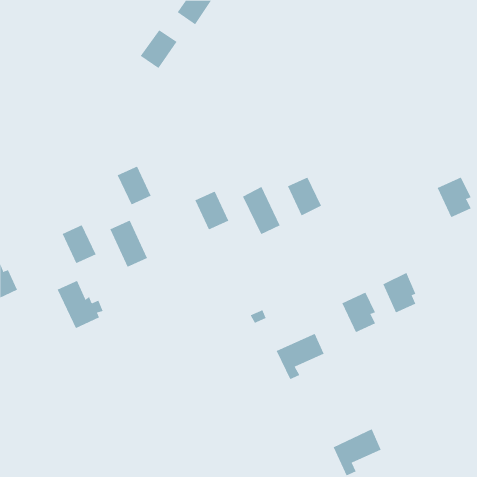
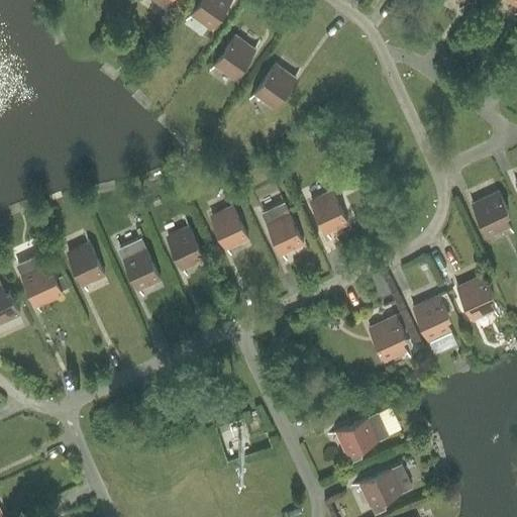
building: [140,30,177,69] -> [214,36,254,79]
building: none -> [254,65,295,107]
building: [117,166,152,205] -> [167,227,204,270]
building: none -> [456,275,494,320]
building: [57,280,104,329] -> [16,254,67,307]
building: [276,333,325,380] -> [335,413,388,463]

